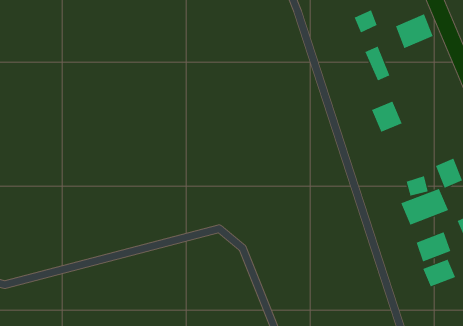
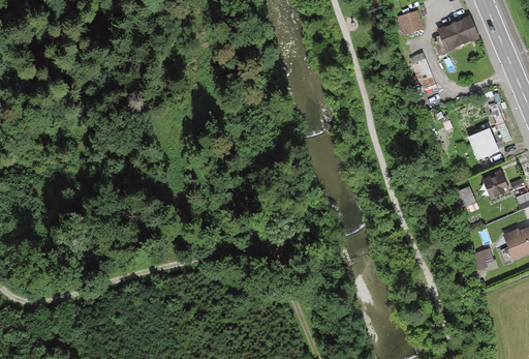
building: [371,101,403,132] -> [466,126,499,159]
building: [400,188,449,225] -> none
building: [423,259,456,287] -> none

